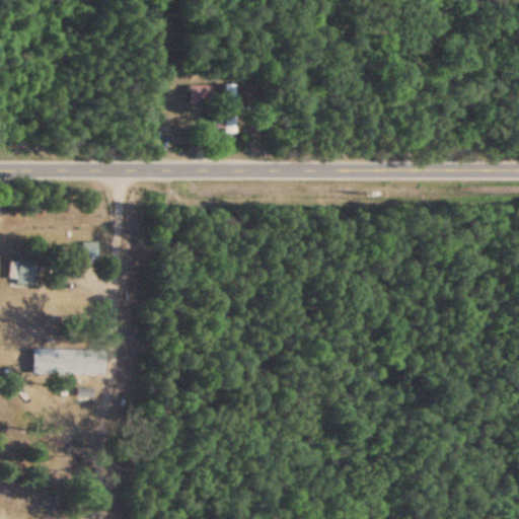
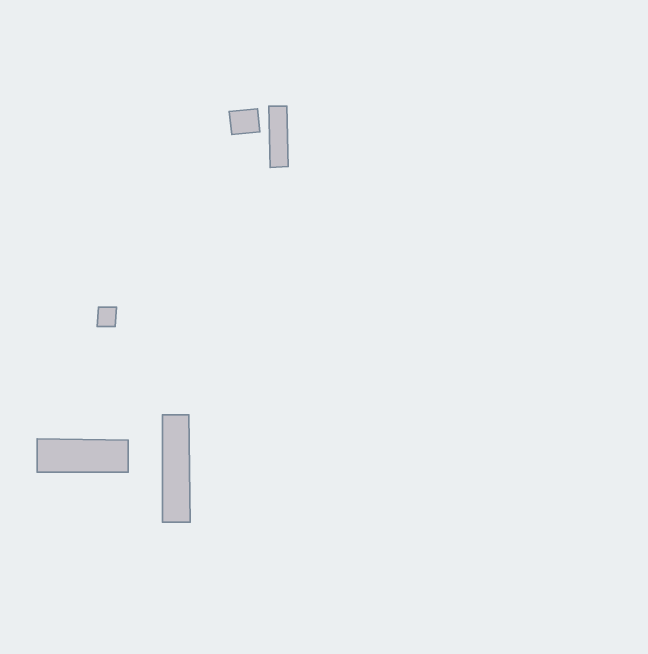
building: [17,257,36,286] -> none
building: none -> [162,415,190,522]

